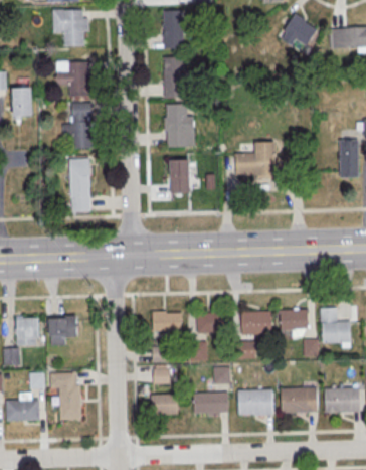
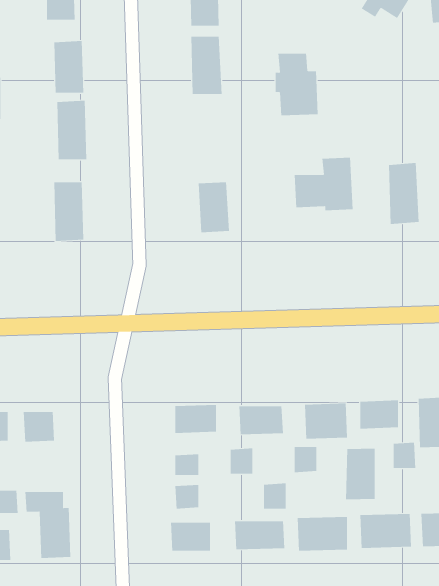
building: [164,105,194,148] -> [275,53,318,116]
building: none -> [388,162,419,225]
building: none -> [345,448,375,500]

